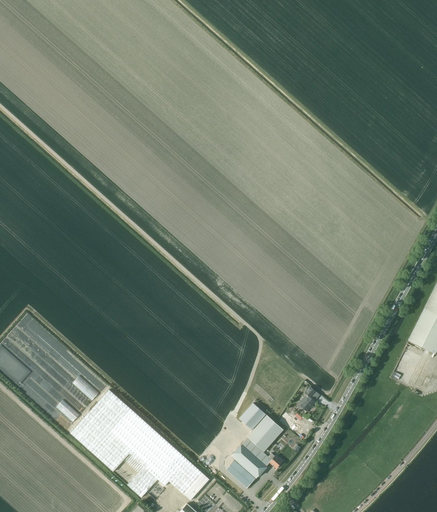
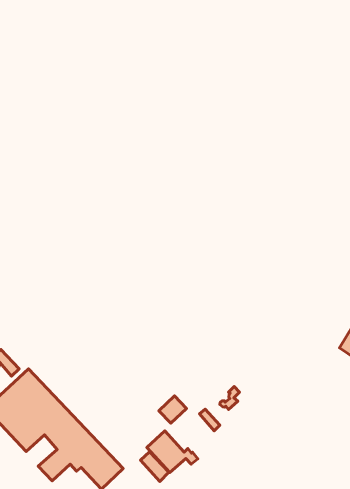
building: [247,415,283,452] -> none

